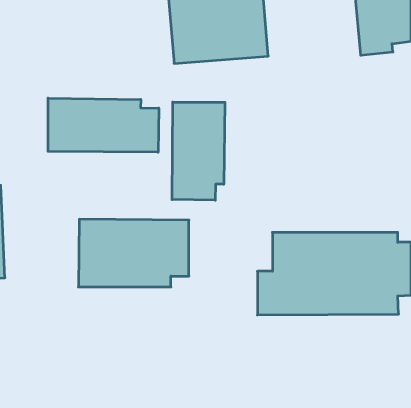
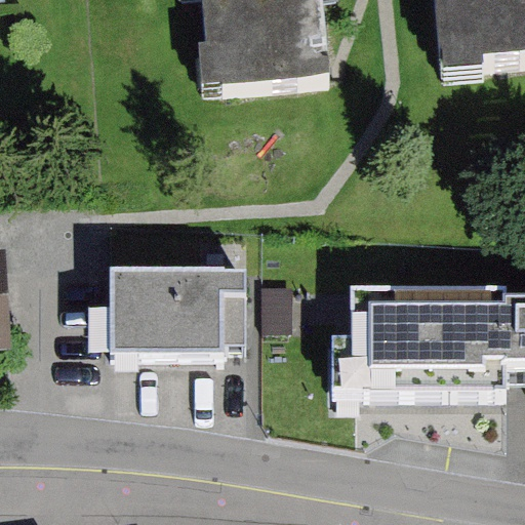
building: [48,98,159,152] -> none
building: [172,102,225,200] -> none

